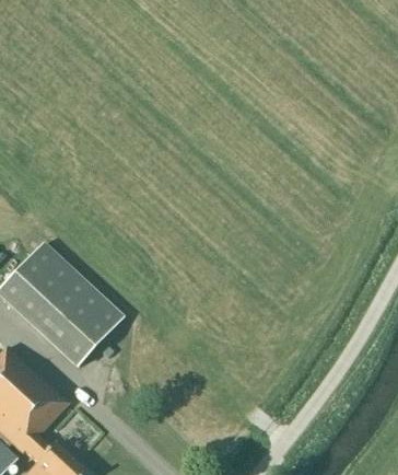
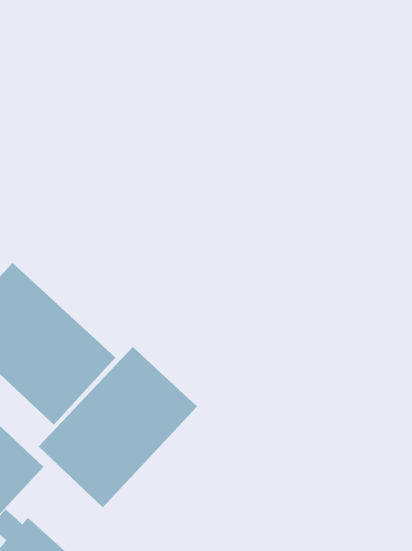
building: none -> [38,346,198,508]

